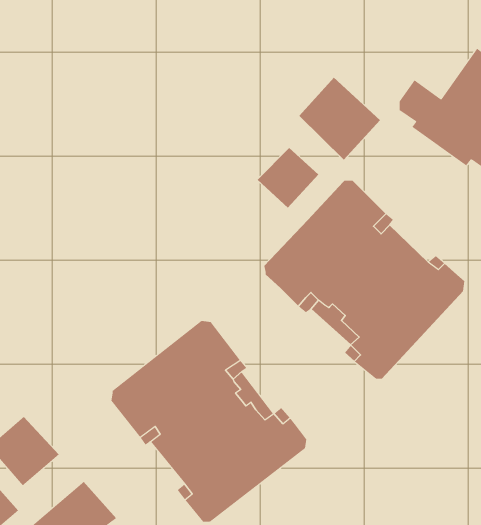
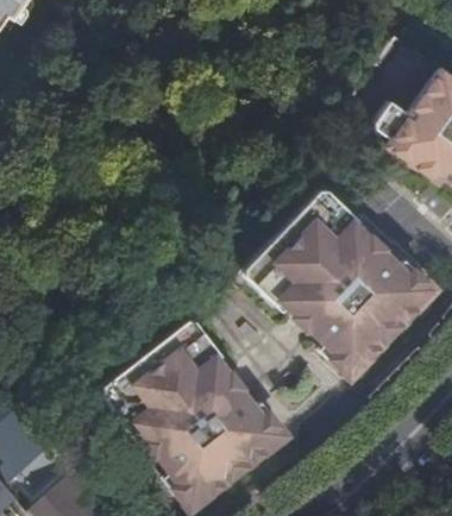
building: [298,77,381,161] -> none
building: [257,147,319,208] -> none

